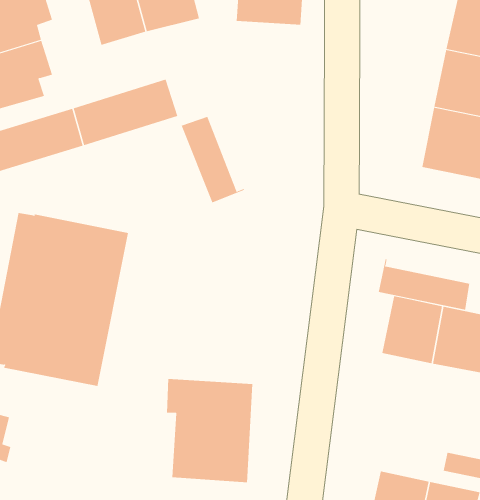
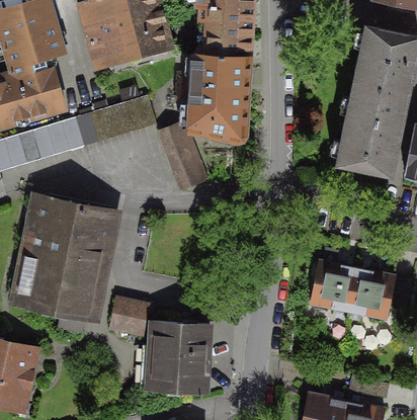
building: none -> [177,52,250,140]
building: [378,258,470,310] -> none
building: none -> [111,299,149,334]

